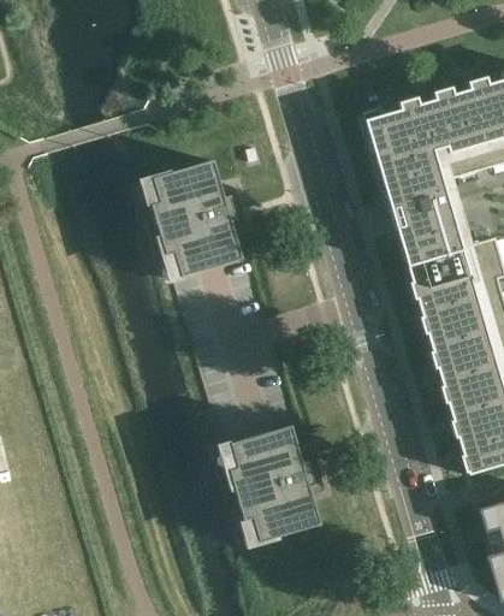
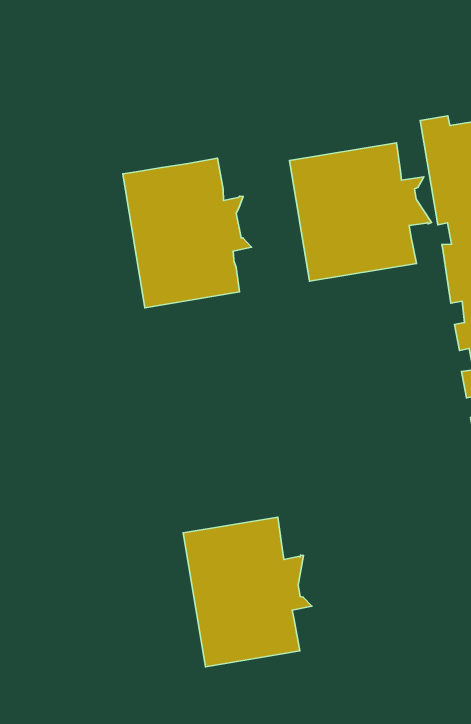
building: none -> [289,143,432,281]

